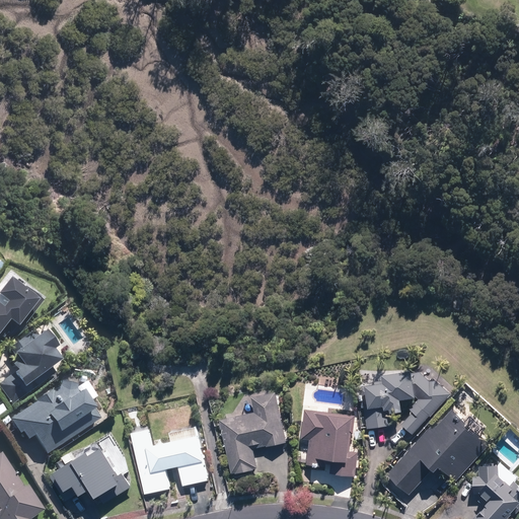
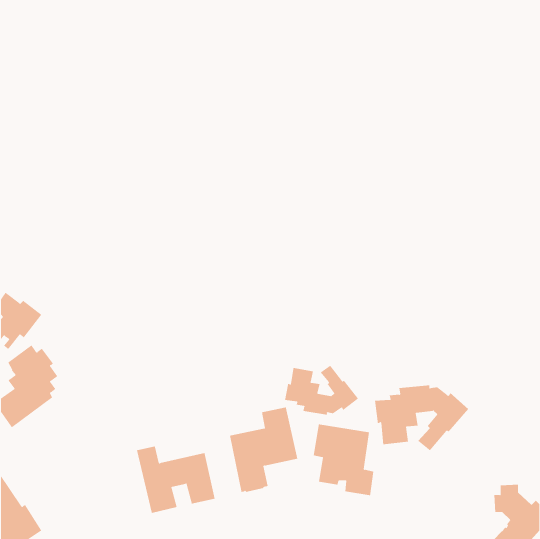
building: none -> [284,365,359,415]
building: [7,381,96,455] -> none
building: [387,409,491,494] -> none
building: [54,446,132,503] -> none

